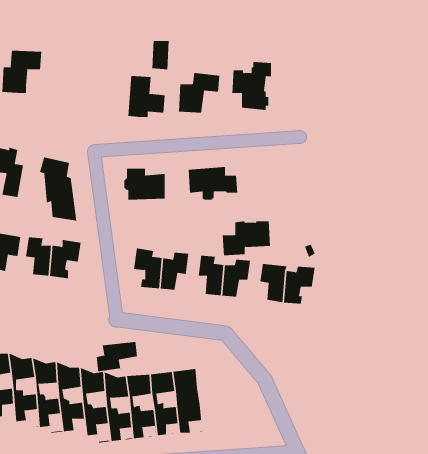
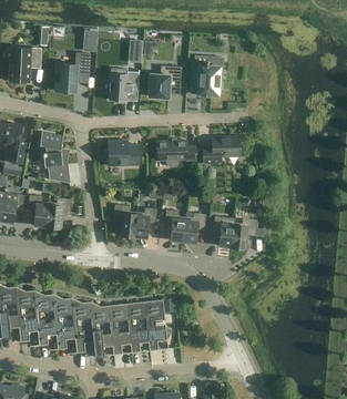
building: none -> [53,53,89,92]
building: [222,221,271,256] -> [201,136,239,164]
building: [96,341,138,372] -> none

